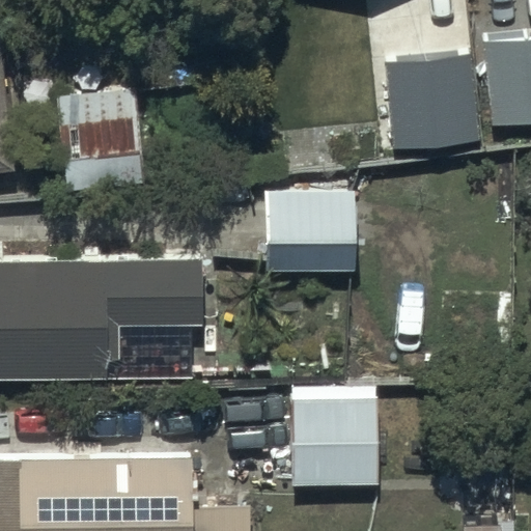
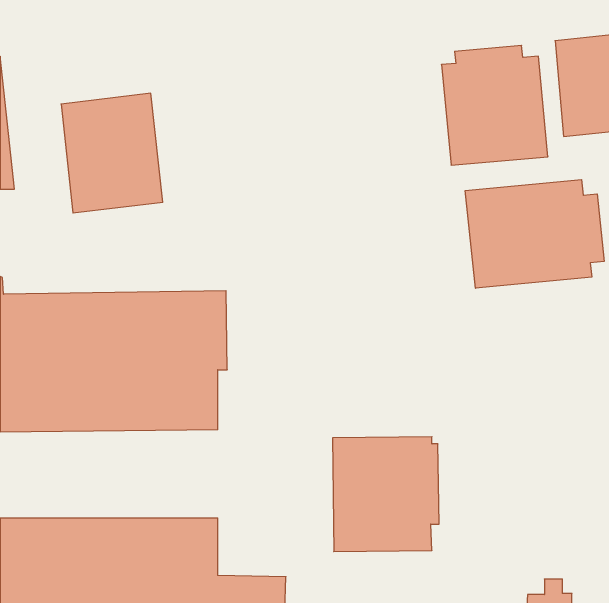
building: none -> [465,180,604,288]
building: [264,190,353,272] -> none

